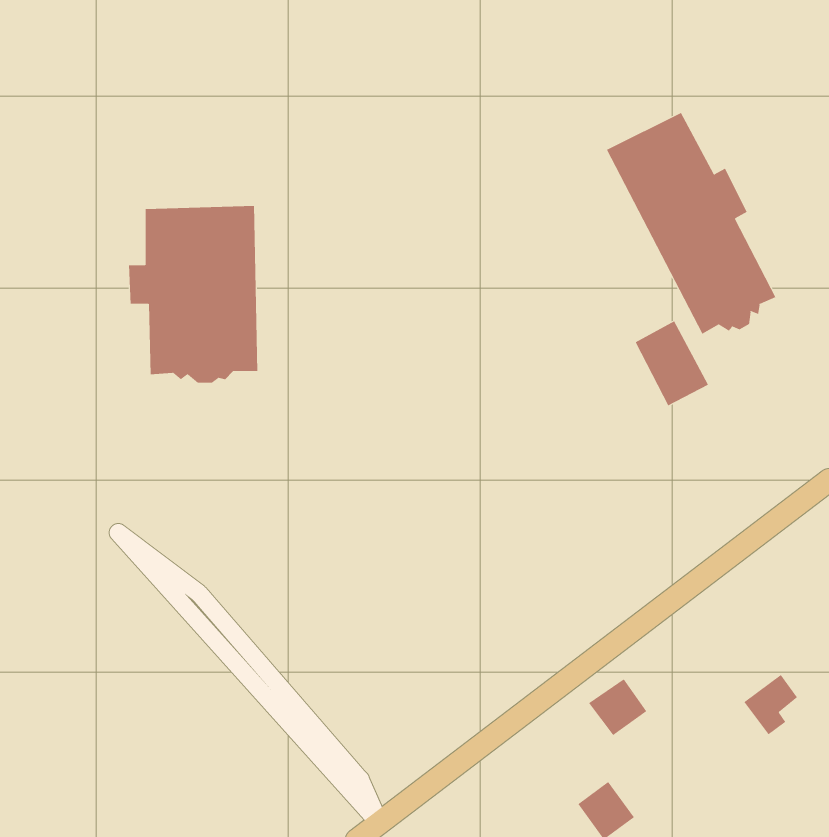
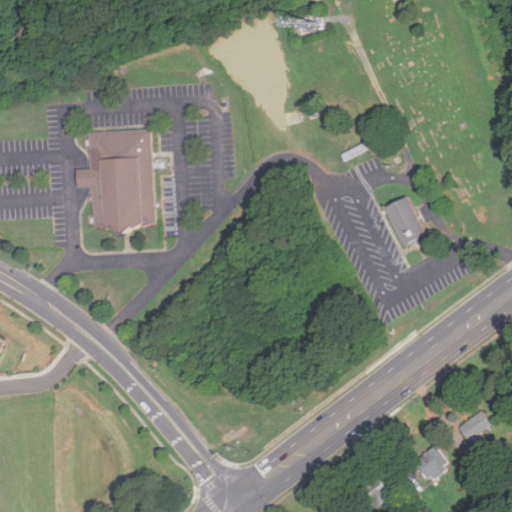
building: [606,112,776,335] -> none
building: [588,678,647,736] -> [407,448,443,483]

